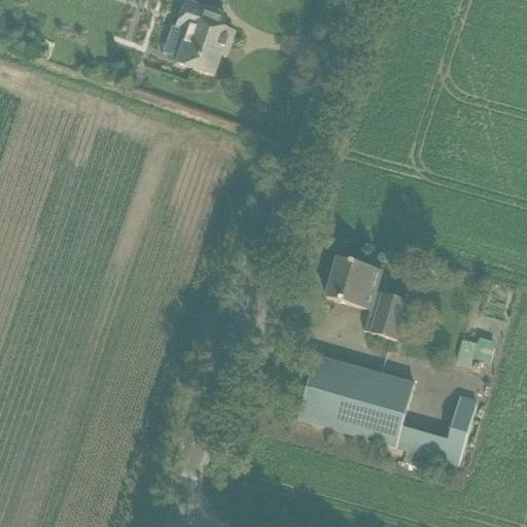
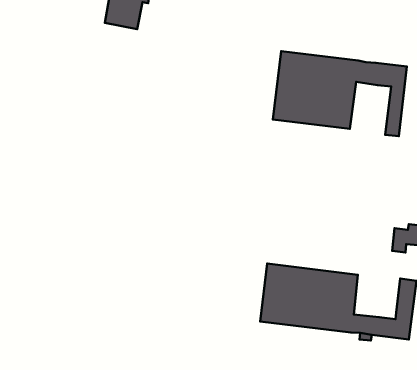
building: none -> [273,51,407,136]
building: [325,255,407,338] -> none

